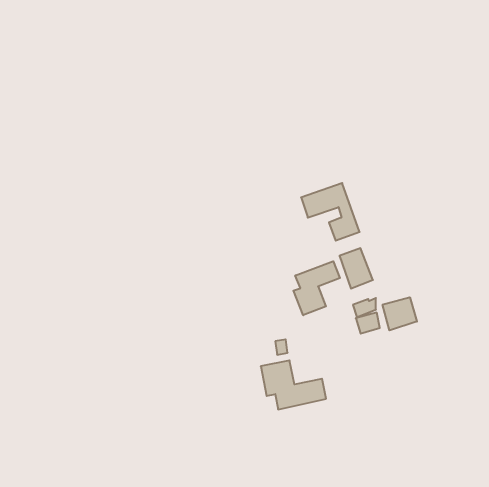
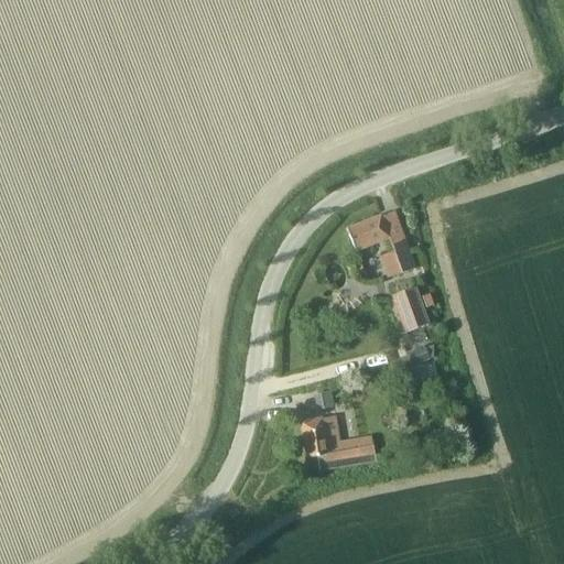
building: [293,261,340,315] -> none
building: [383,297,417,330] -> none

